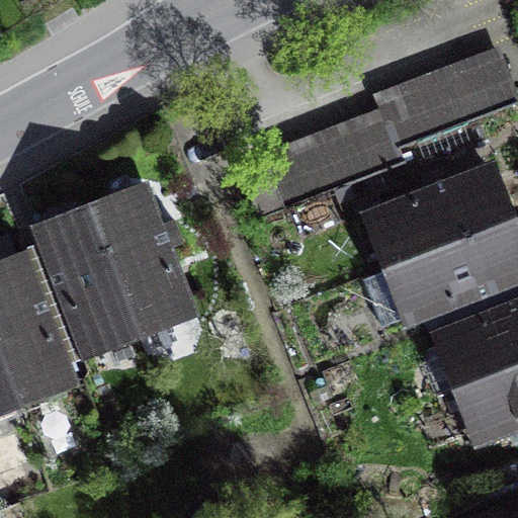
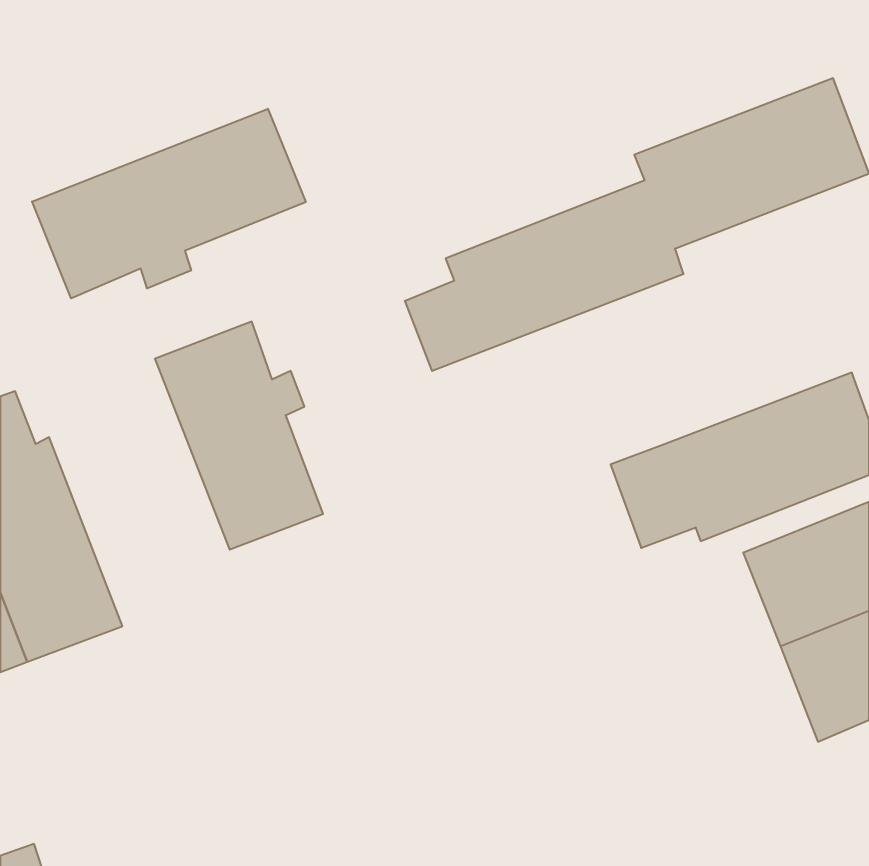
building: none -> [32,109,306,298]
building: [374,167,507,266] -> none
building: [36,215,137,350] -> none

